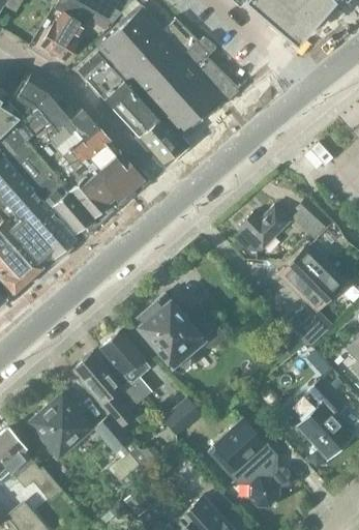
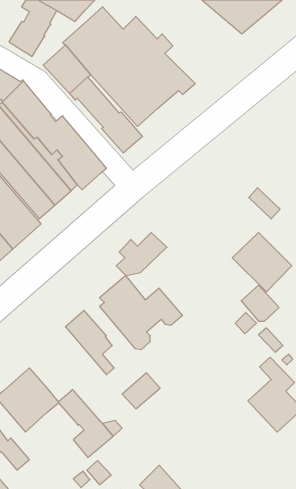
building: [236,207,290,253] -> [116,233,167,275]
building: [73,354,129,428] -> none
building: [207,421,289,508] -> none

